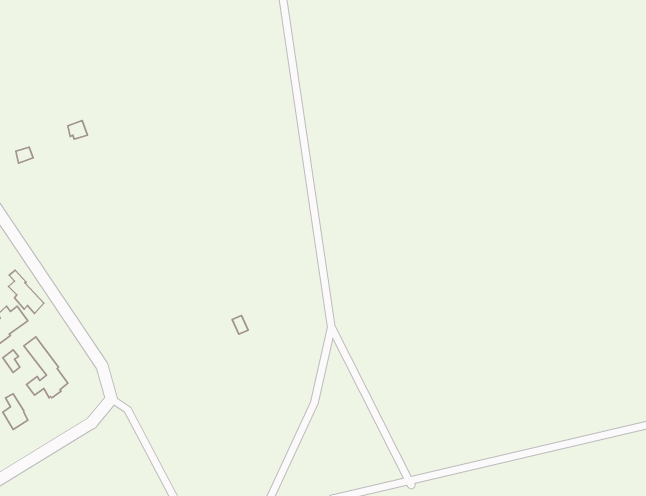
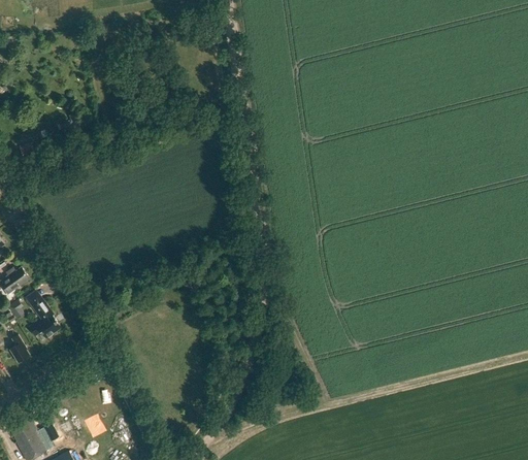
building: [9,270,44,313] -> none

